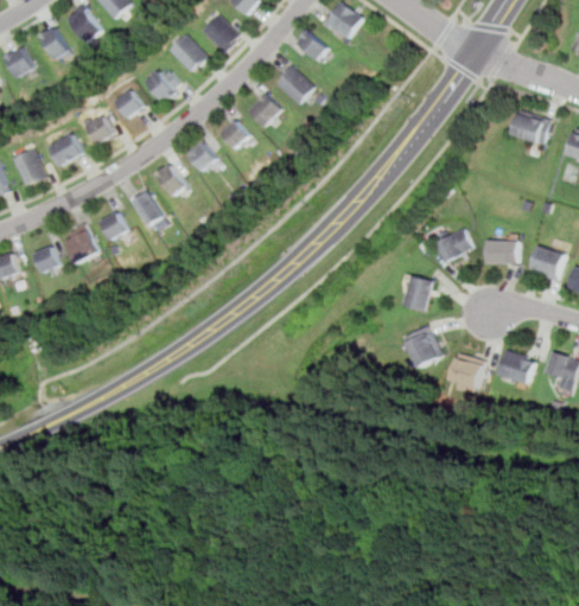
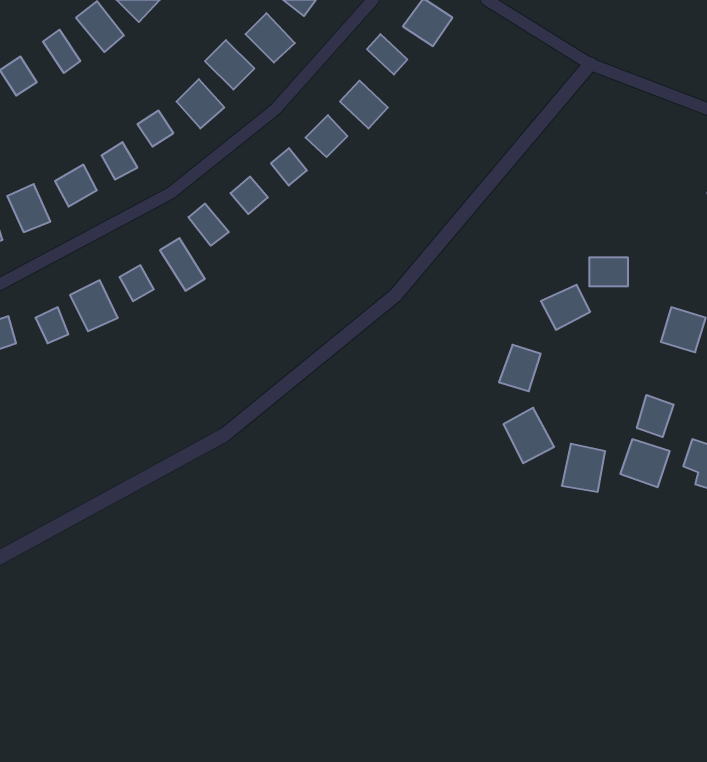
building: [509,109,549,145] -> none
building: [485,241,516,263] -> [589,258,628,286]
building: none -> [637,395,674,437]

